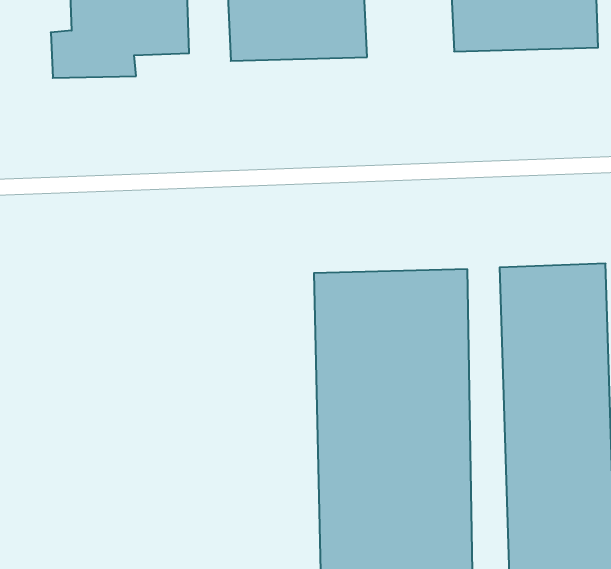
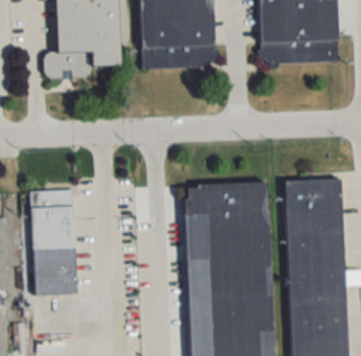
building: none -> [30,190,75,293]

